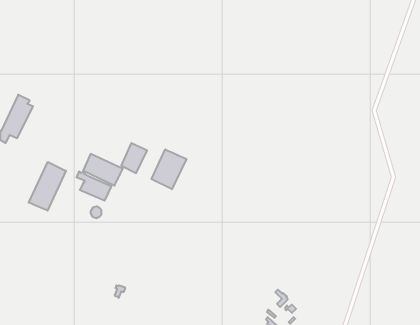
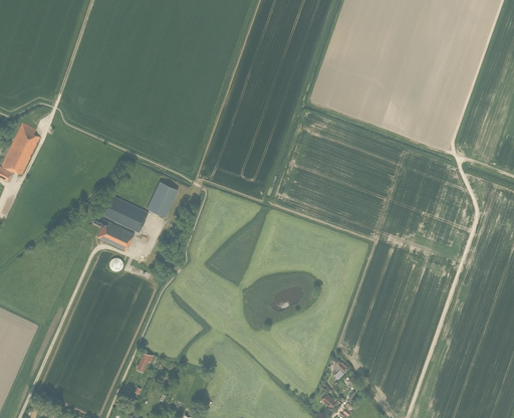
building: [151,149,186,189] -> none
building: [29,162,66,211] -> none

